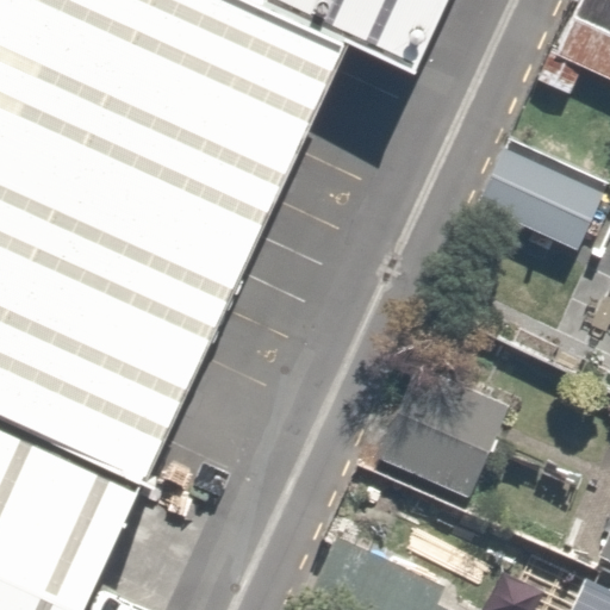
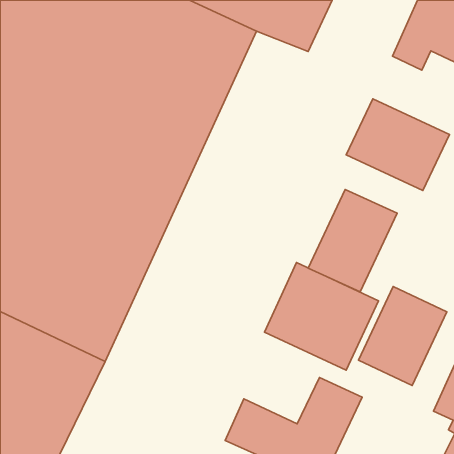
building: none -> [308,189,397,292]
building: none -> [359,286,447,386]

